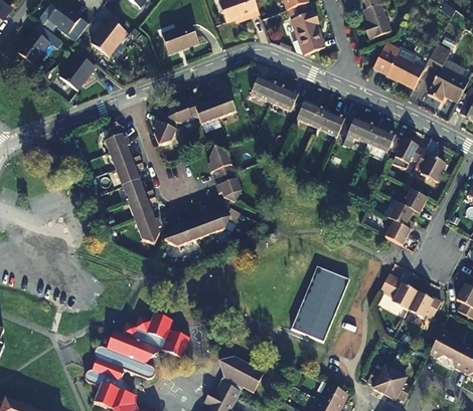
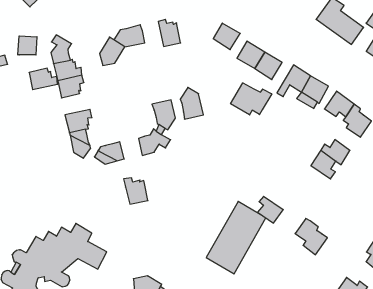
building: [250,75,277,101] -> none
building: [195,91,219,123] -> none
building: none -> [18,36,37,55]
building: none -> [231,83,272,115]
building: [208,145,234,178] -> [180,87,203,119]
building: [121,177,152,201] -> [29,68,58,90]
building: [184,211,212,238] -> [124,178,148,204]
building: [384,219,411,245] -> [258,196,283,223]
building: [406,291,440,319] -> none

